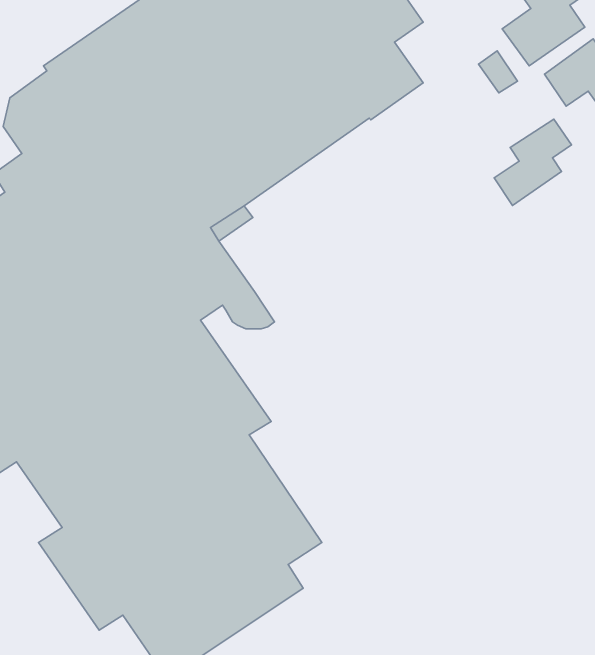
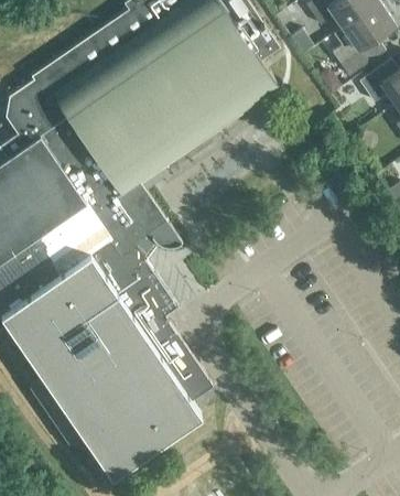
building: [494,119,571,206] -> none

